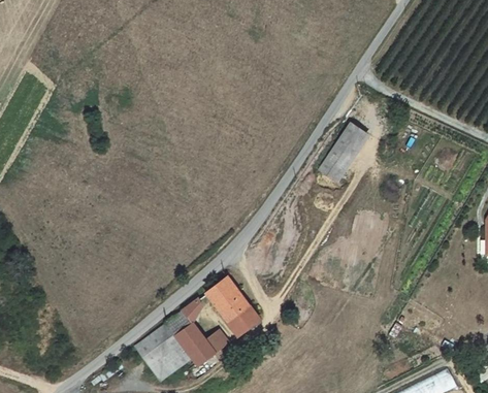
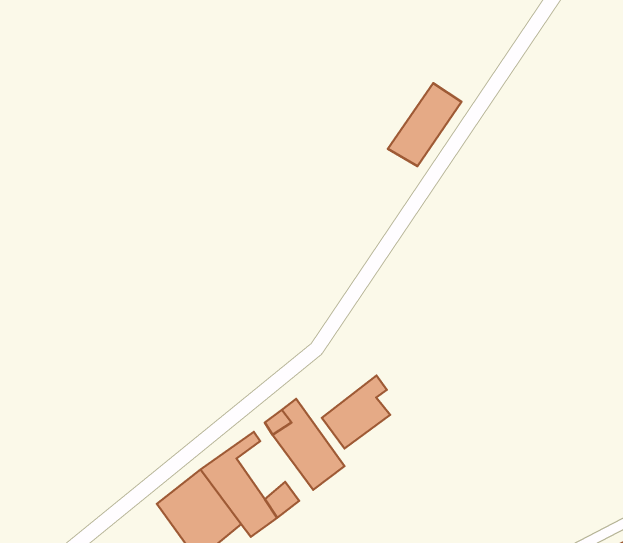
building: [321,124,369,178] -> [388,83,461,166]
building: none -> [322,376,390,449]

